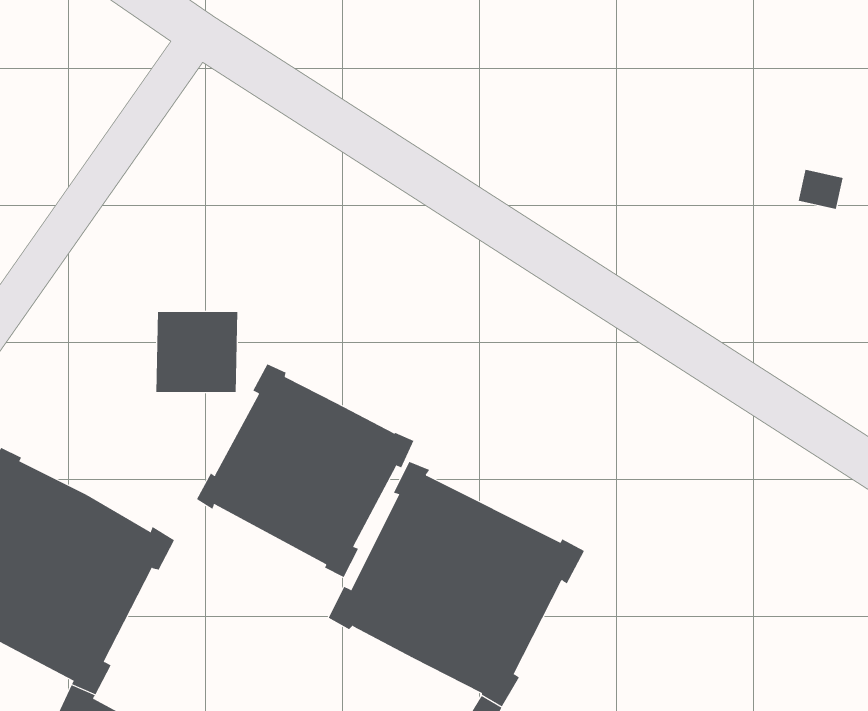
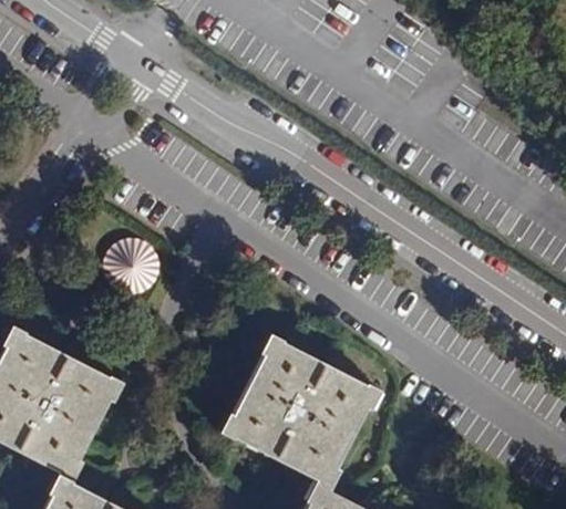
building: [196,364,414,578] -> none

